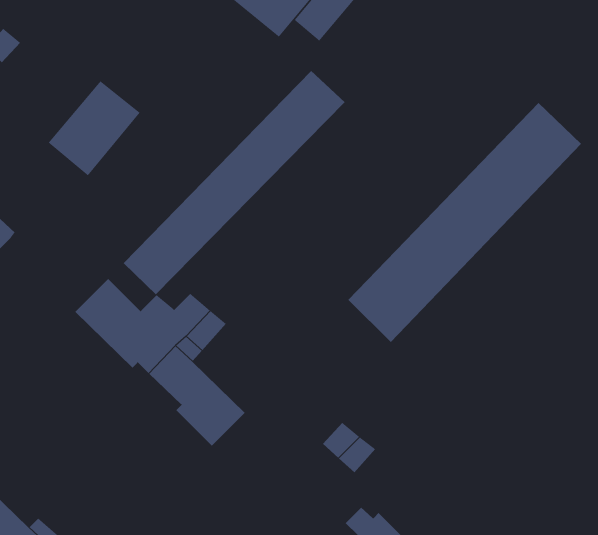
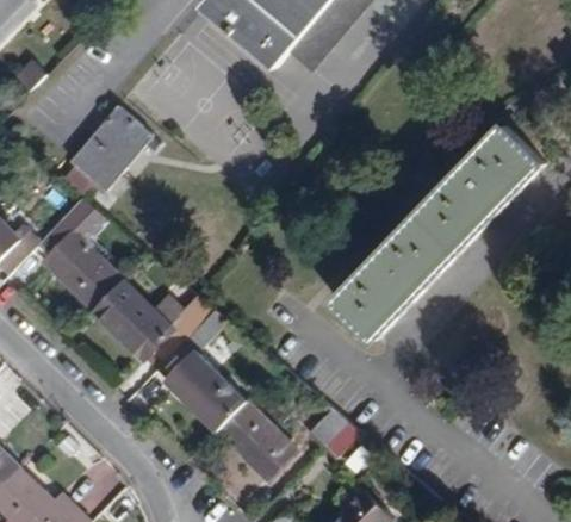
building: [123,70,345,295] -> none
building: none -> [37,199,123,311]
building: none -> [215,400,296,476]

